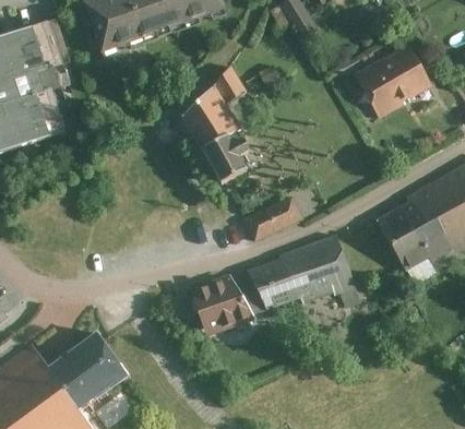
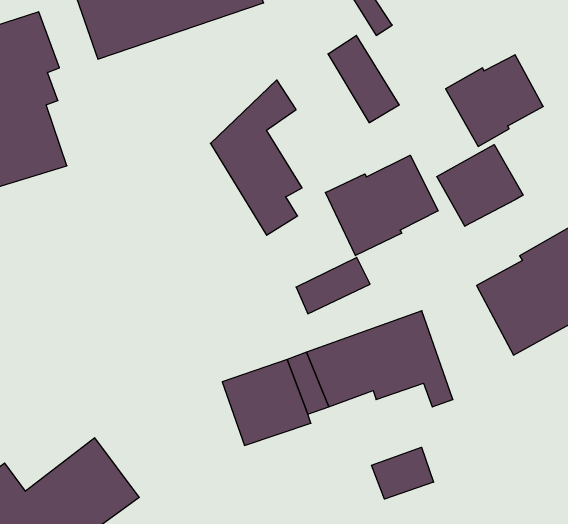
building: none -> [328,35,399,123]
building: none -> [437,145,523,226]
building: none -> [325,155,438,256]
building: none -> [372,447,434,499]

